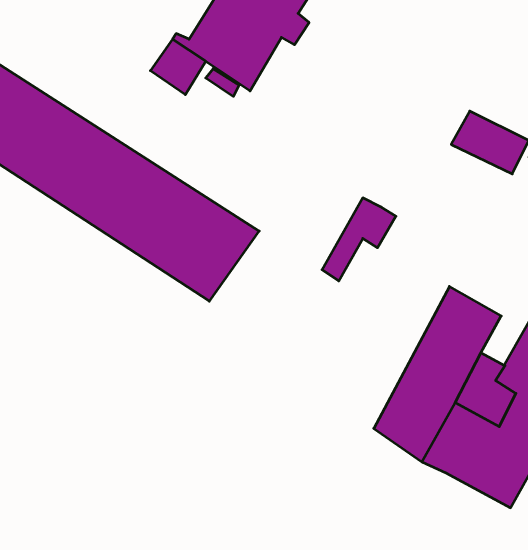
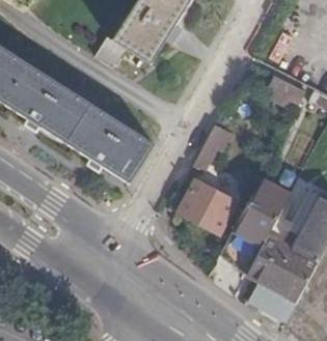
building: none -> [179,179,237,234]
building: none -> [250,280,297,318]

